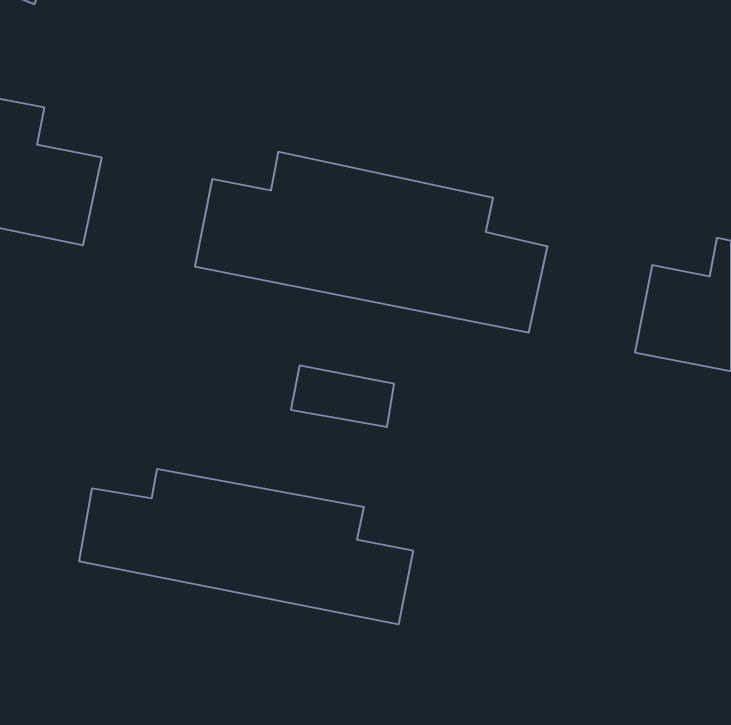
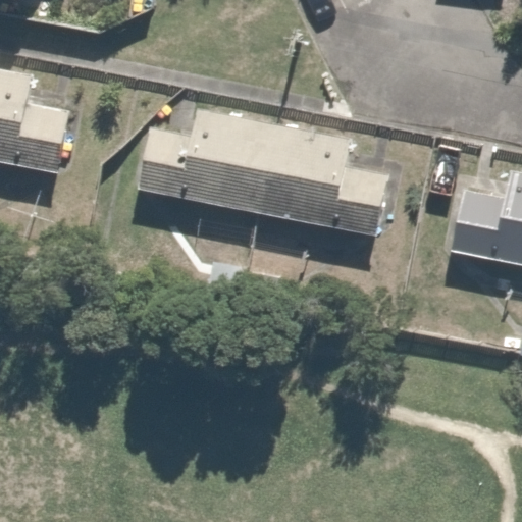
building: [79,469,413,624] -> none

